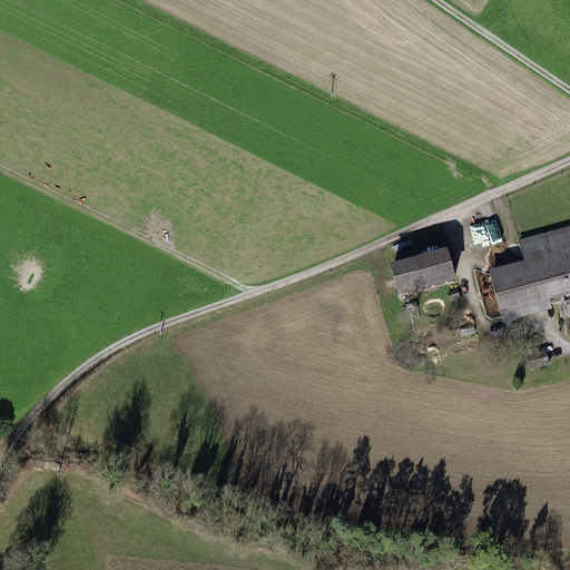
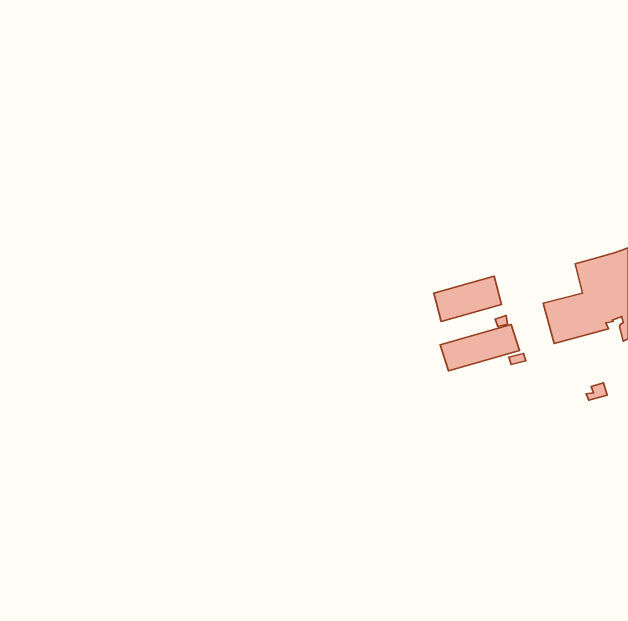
building: none -> [440,325,519,371]

